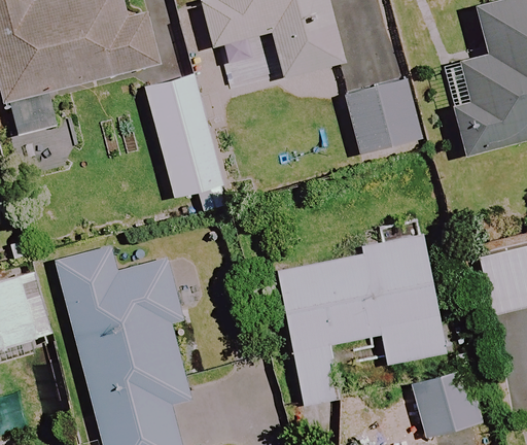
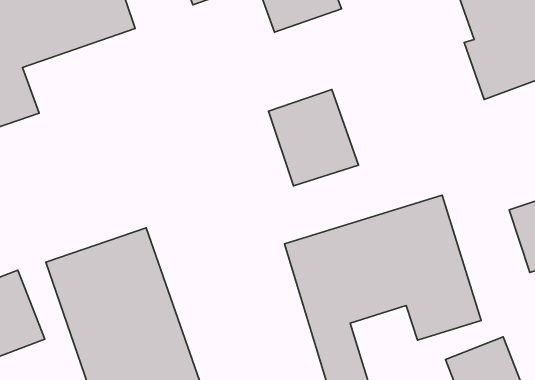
building: [343,70,419,153] -> [268,89,358,186]
building: [145,73,224,199] -> none

